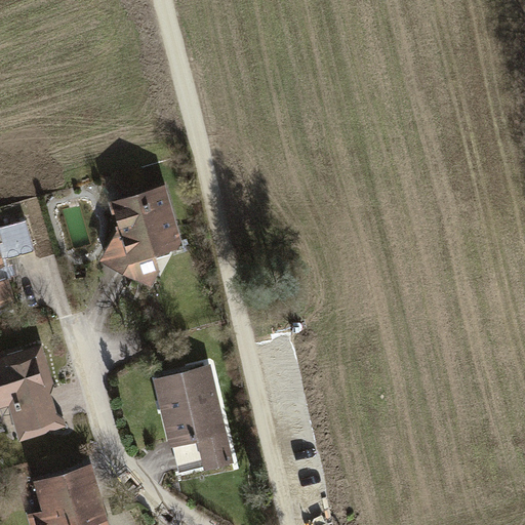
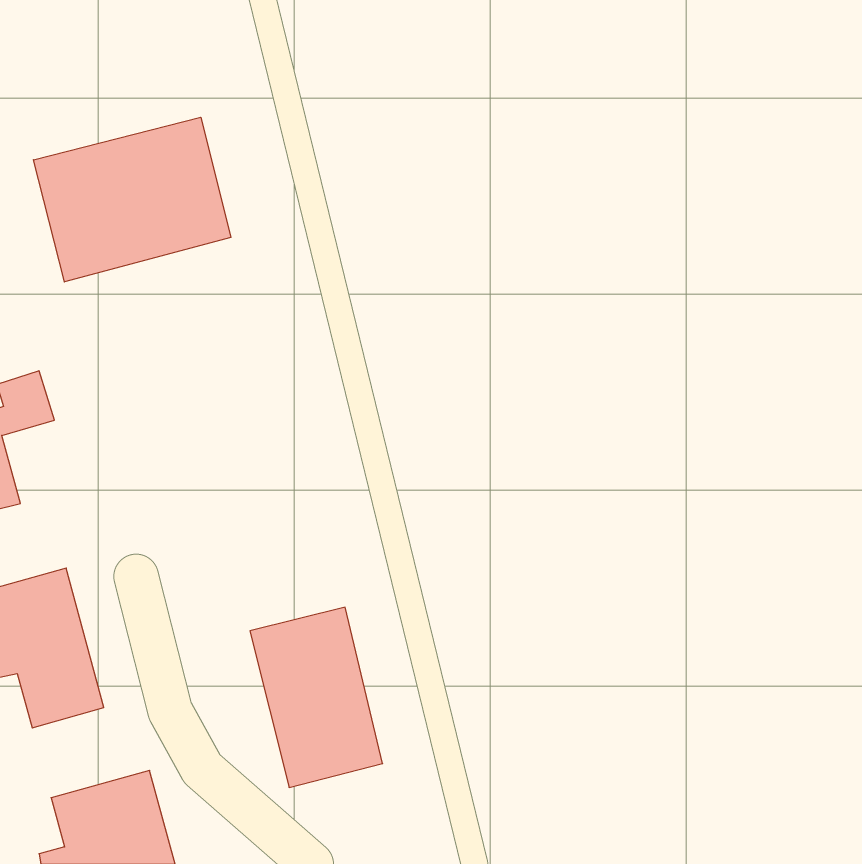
building: none -> [33,117,231,282]
building: [98,187,181,290] -> none

